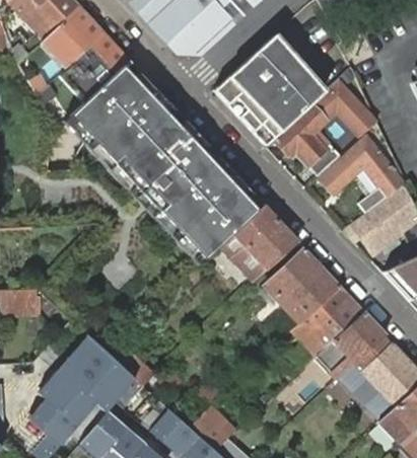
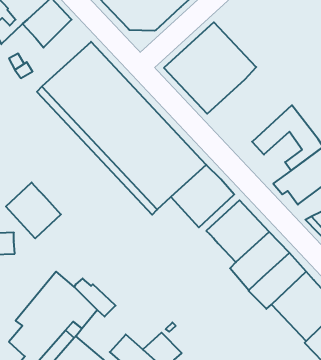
building: [58,33,127,101] -> none
building: [275,80,376,174] -> none
building: none -> [6,182,61,238]

